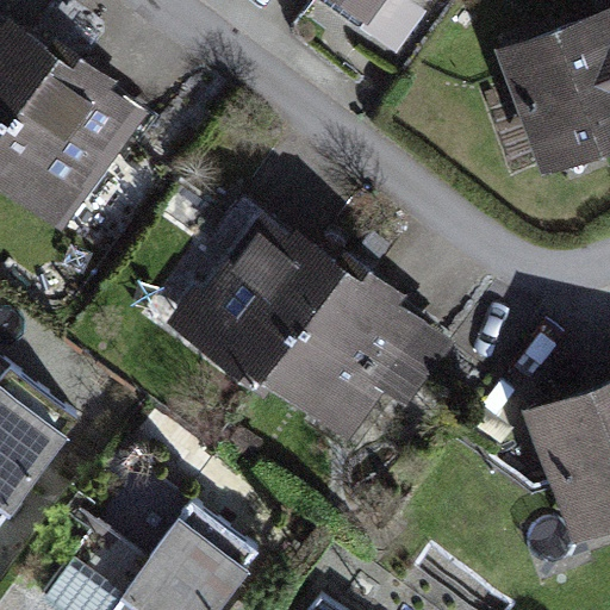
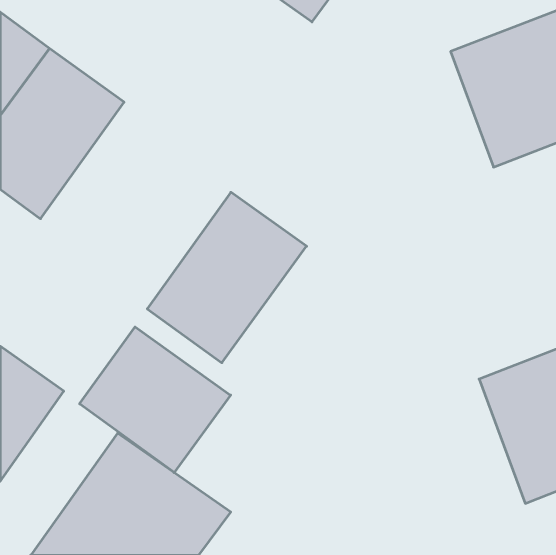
building: [247,267,452,452] -> none
building: none -> [80,327,231,473]

